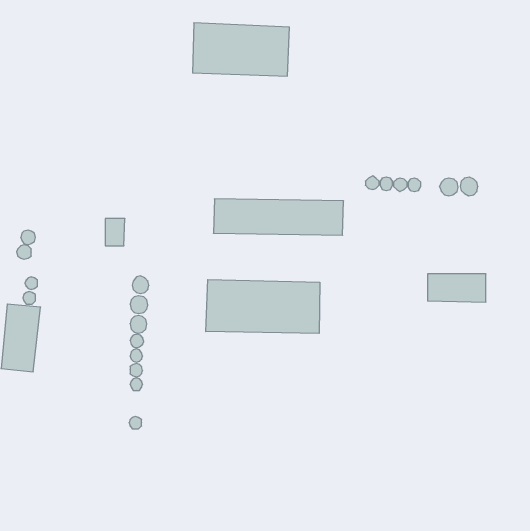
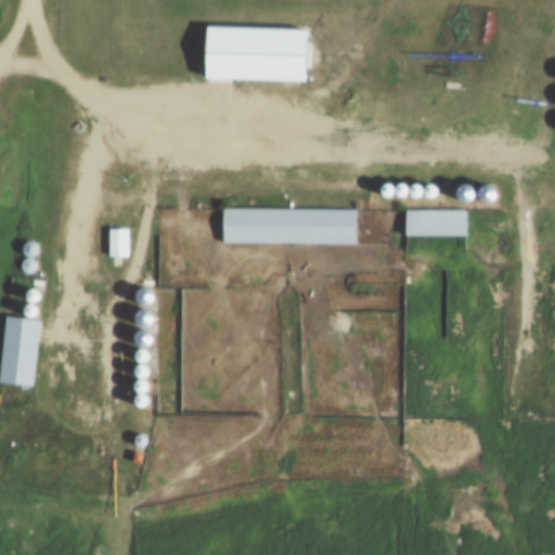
building: [428,274,486,302] -> [409,210,469,240]
building: [206,280,320,333] -> none

